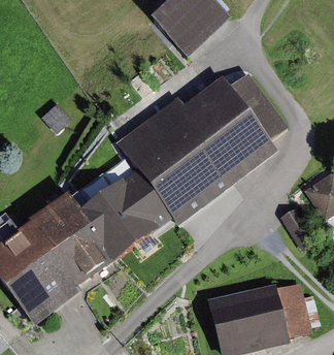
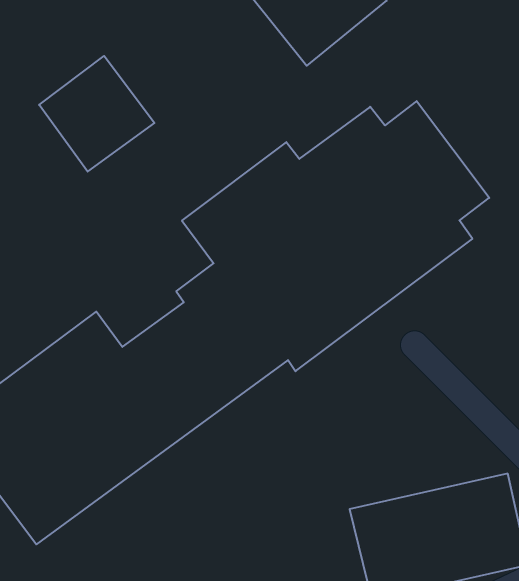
building: none -> [39,56,154,172]

